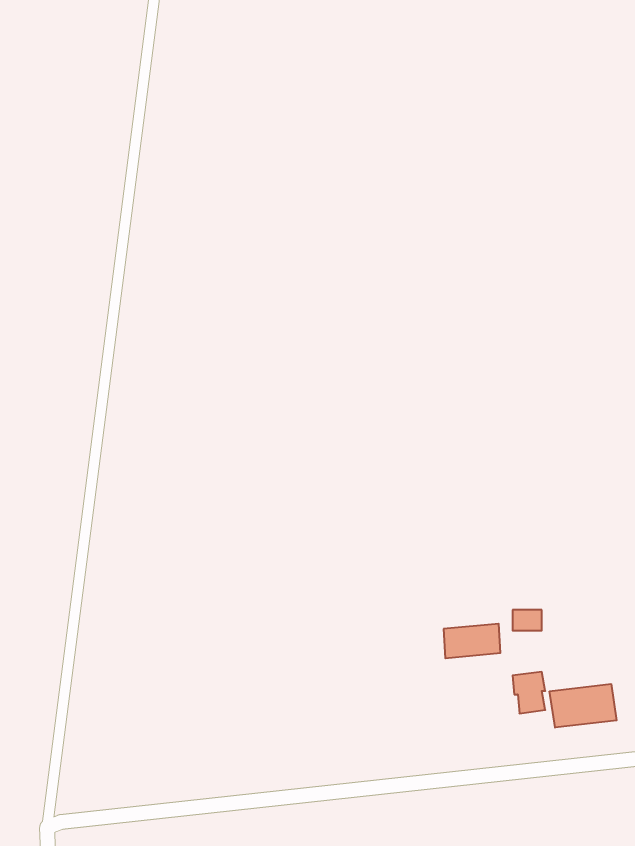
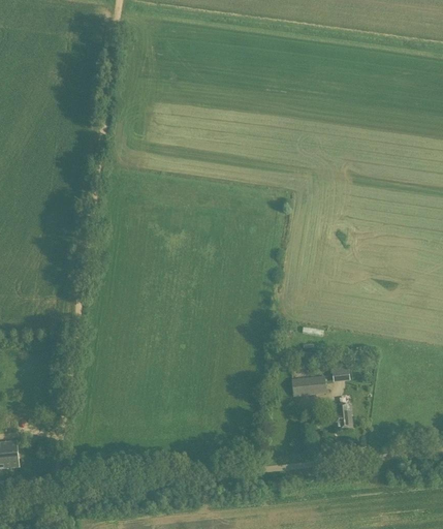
building: [550,684,617,728] -> none

